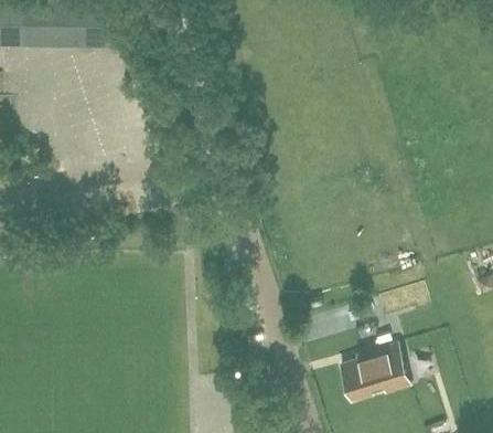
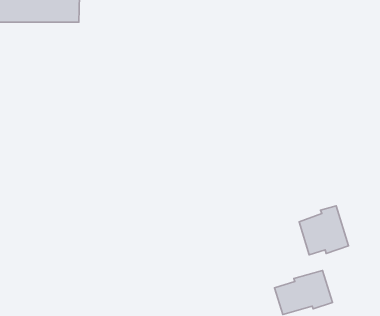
building: none -> [299,206,348,255]

